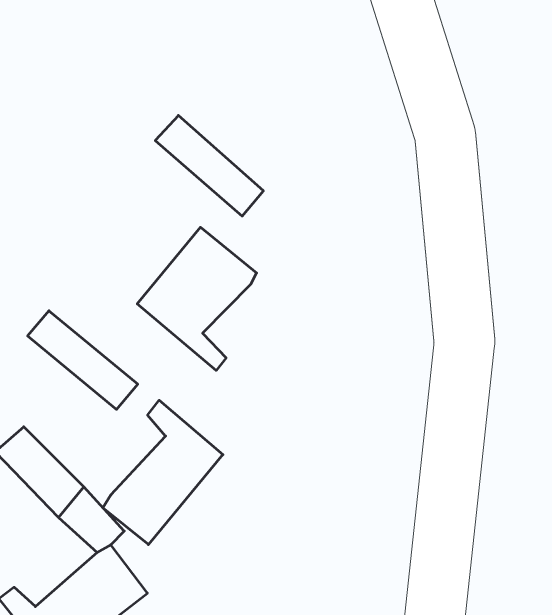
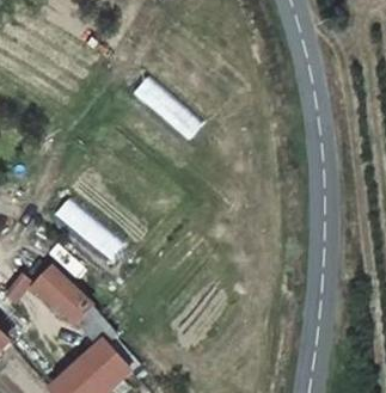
building: [137,227,257,370] -> none
building: [103,400,223,545] -> none

